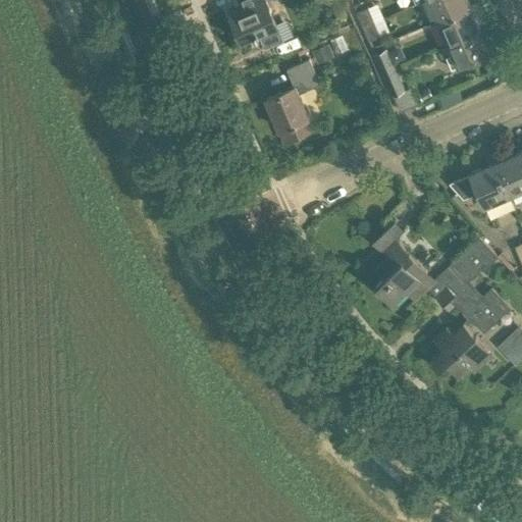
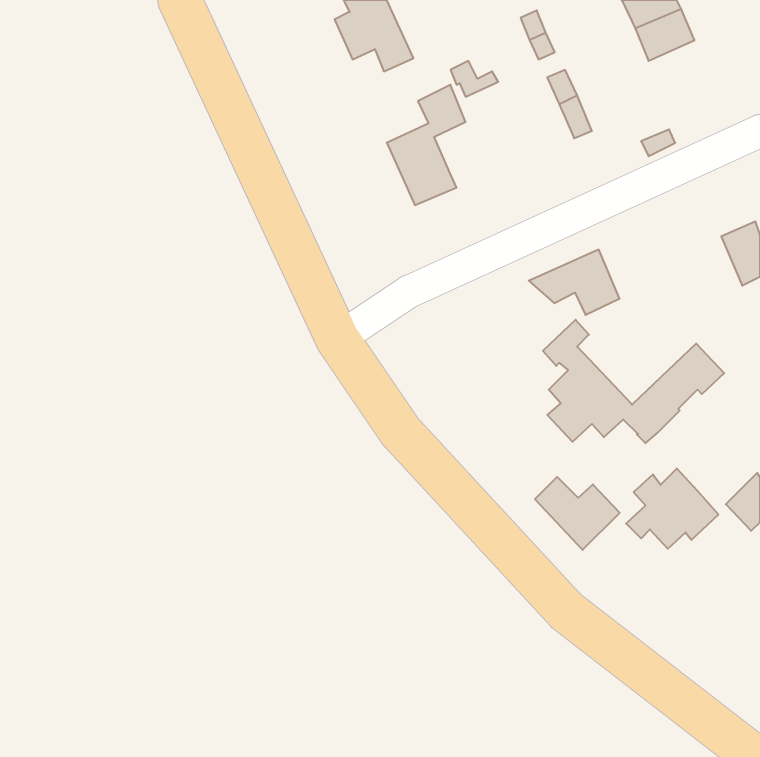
building: [437,30,486,70] -> none
building: [447,164,509,209] -> [529,250,620,315]
building: [451,283,509,333] -> [535,477,620,550]

